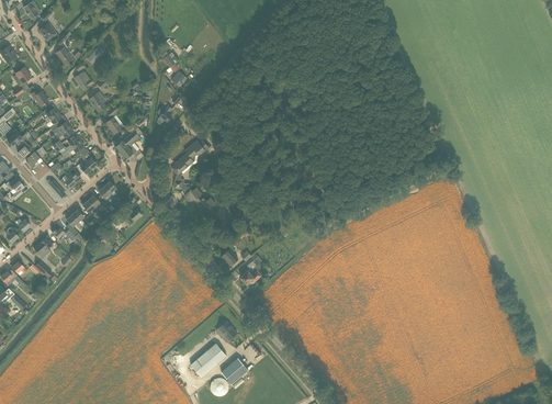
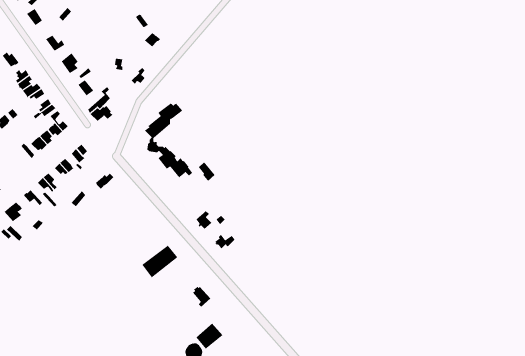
building: [189,343,225,375] -> [141,245,178,278]

